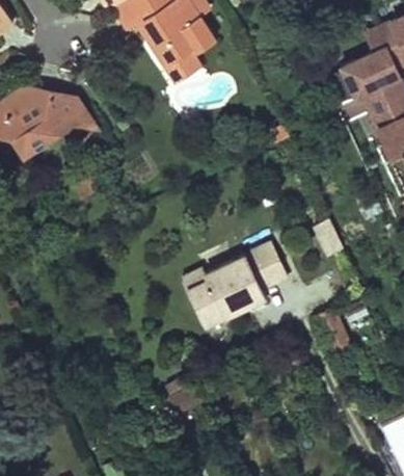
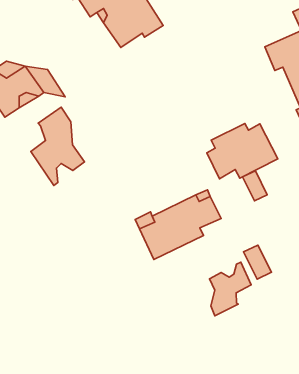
building: none -> [31,107,84,185]
building: none -> [207,124,278,179]
building: none -> [209,262,251,316]

